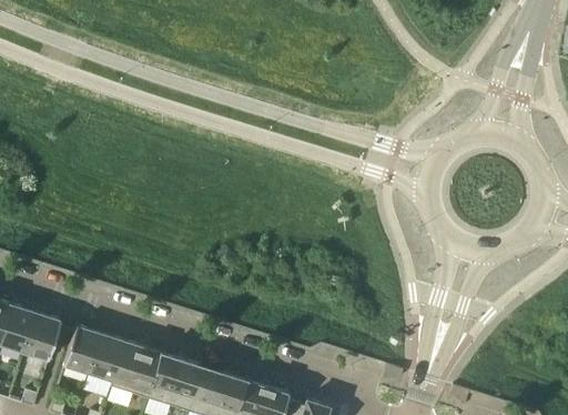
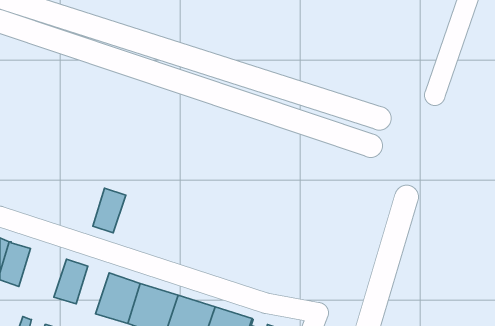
building: [23,313,62,364] -> none
building: [89,333,126,384] -> [93,188,126,233]

